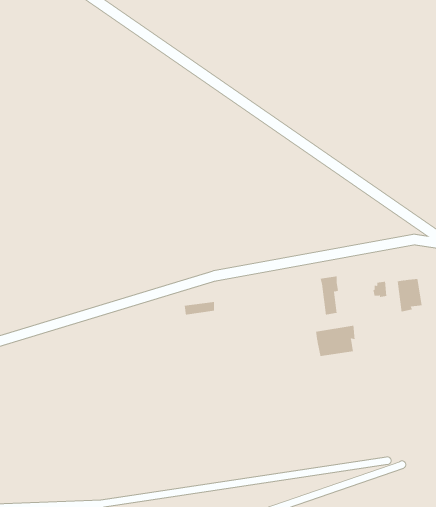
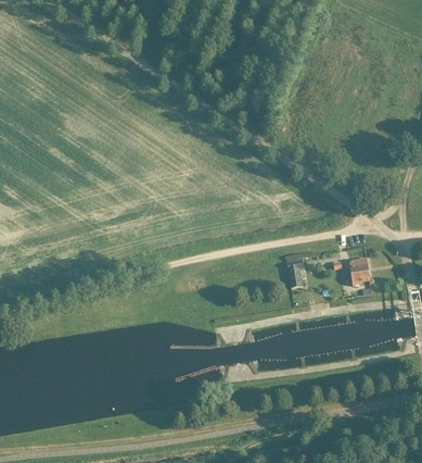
building: [316,325,355,357] -> none

